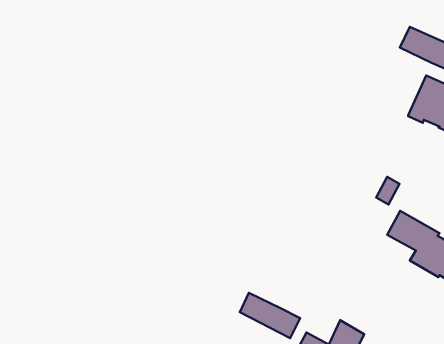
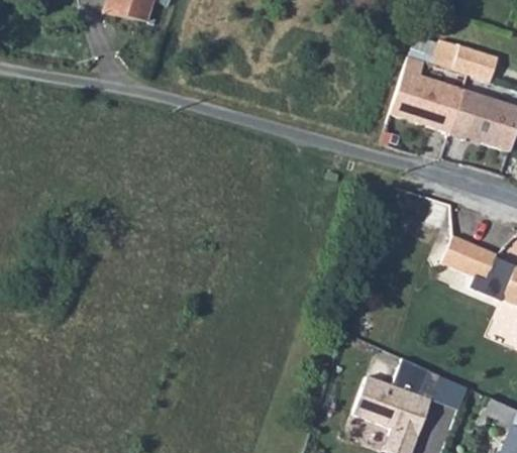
building: none -> [391,63,464,132]
building: [240,293,300,338] -> none

